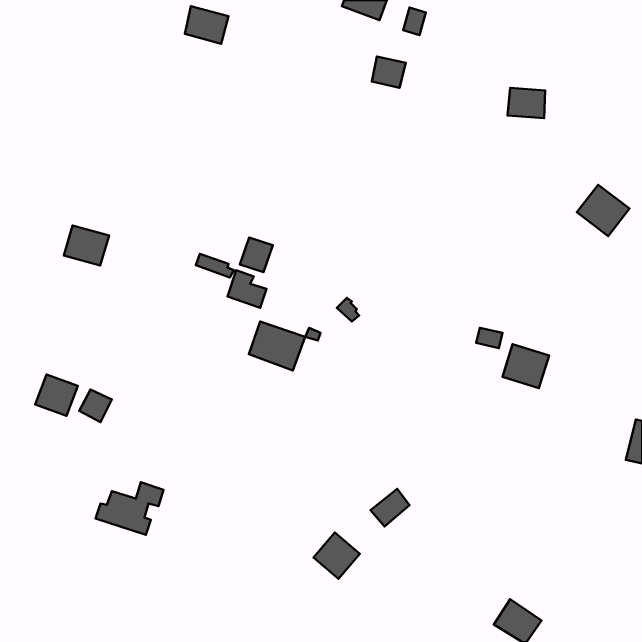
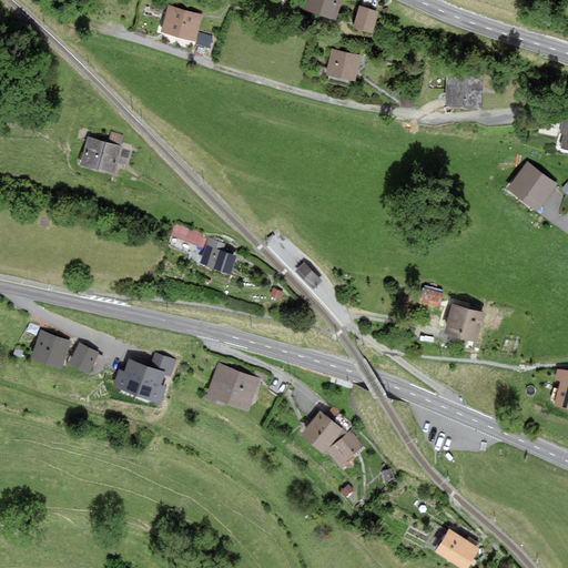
building: [64,225,109,266] -> [81,139,121,174]
building: [240,237,273,272] -> none
building: [249,322,305,371] -> [209,365,258,408]
building: [96,482,163,535] -> [115,353,175,399]
building: [313,532,360,579] -> [303,410,344,452]

